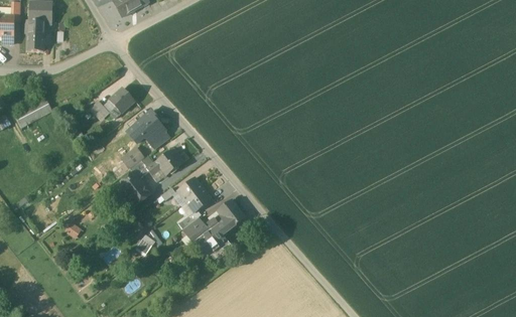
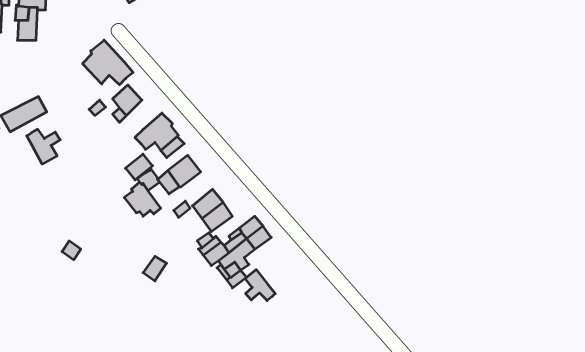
building: none -> [83,40,133,85]
building: none -> [27,129,60,164]
building: none -> [245,270,275,301]

